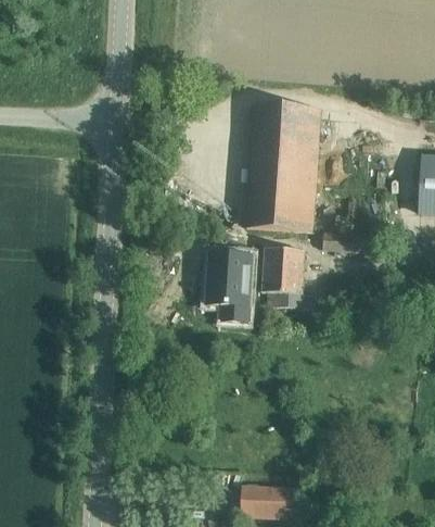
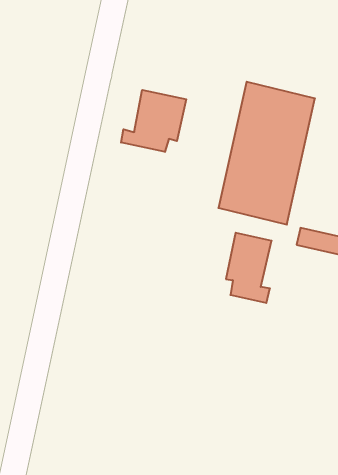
building: none -> [121,90,186,152]
building: [212,252,256,322] -> none

